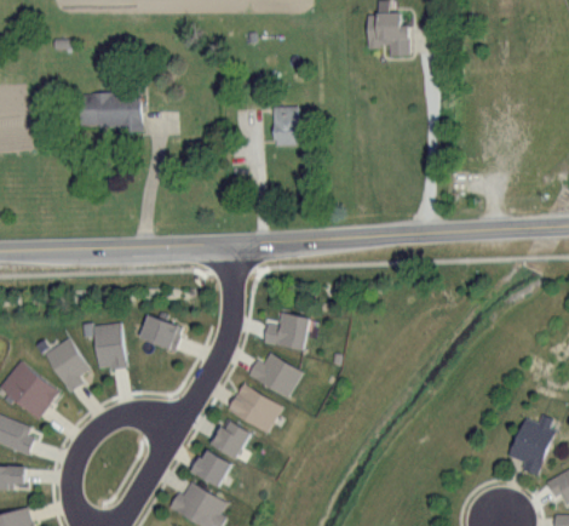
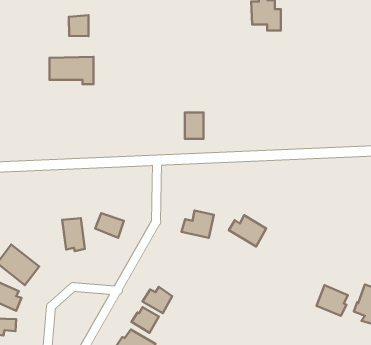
building: none -> [69,15,88,36]
building: [270,107,297,144] -> [185,113,203,139]
building: [45,338,90,393] -> none
building: [249,353,303,398] -> [229,215,266,246]
building: [228,384,283,433] -> none
building: none -> [317,285,348,316]

